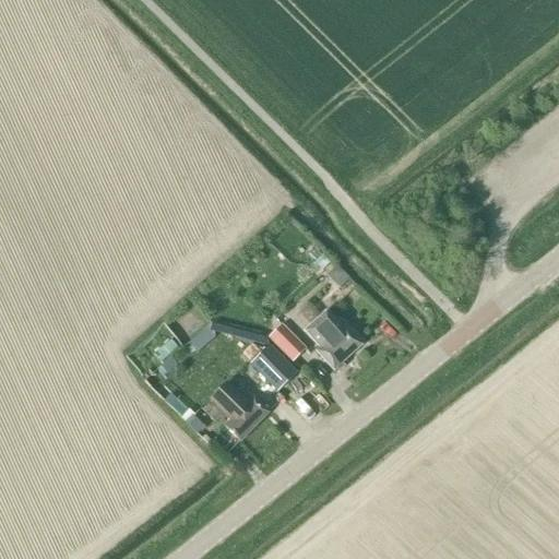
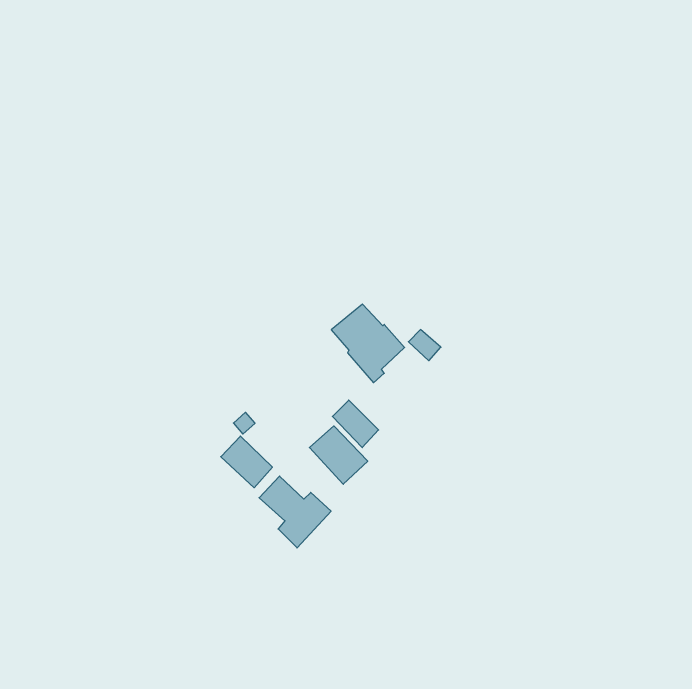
building: [302,308,361,371] -> [331,304,405,383]
building: none -> [221,436,272,488]

